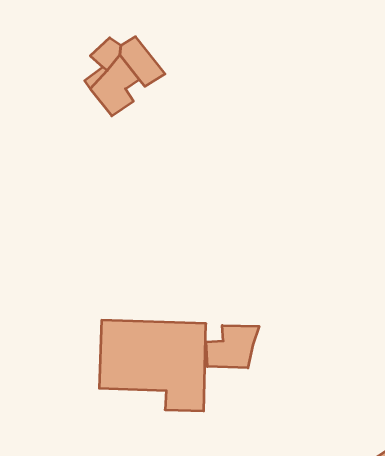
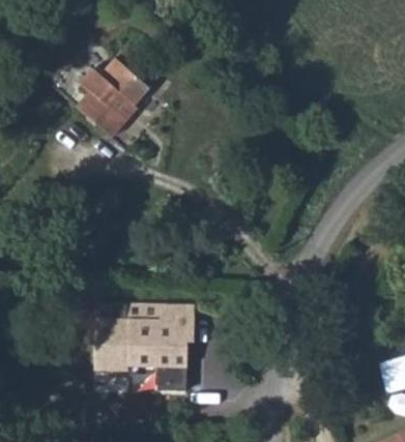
building: [206,325,259,368] -> none

